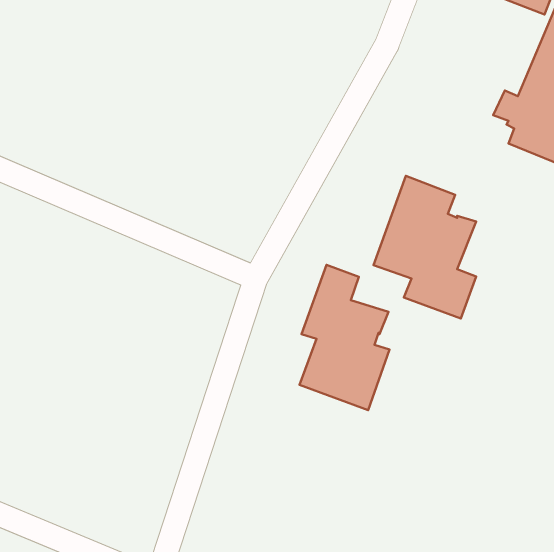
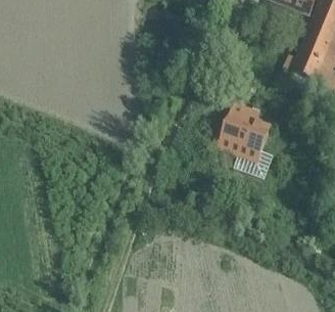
building: [299,265,390,410] -> none

